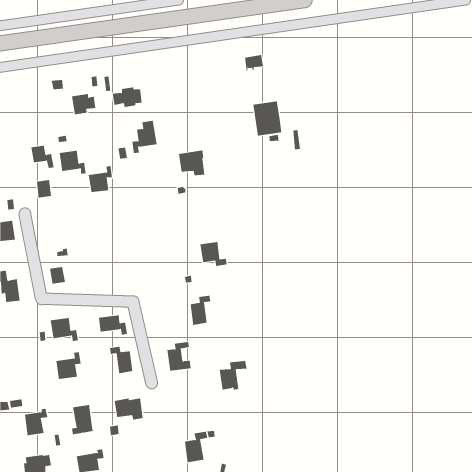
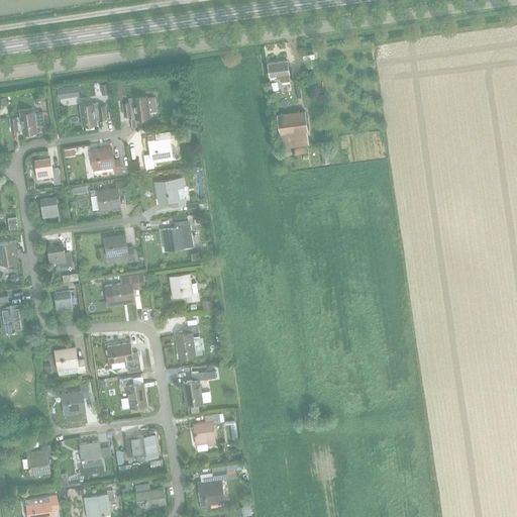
building: none -> [8,111,41,134]
building: [178,150,205,176] -> [154,179,184,207]
building: [59,150,87,174] -> [90,147,120,174]
building: none -> [162,220,189,250]
building: none -> [103,235,133,262]
building: none -> [46,244,72,268]
building: [200,241,227,266] -> [169,275,199,302]
building: none -> [105,276,137,306]
building: [190,295,211,326] -> [175,325,198,358]
building: [219,360,248,390] -> [192,414,223,446]
building: none -> [134,484,164,509]

